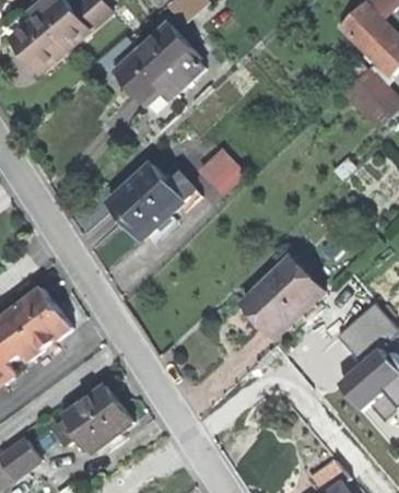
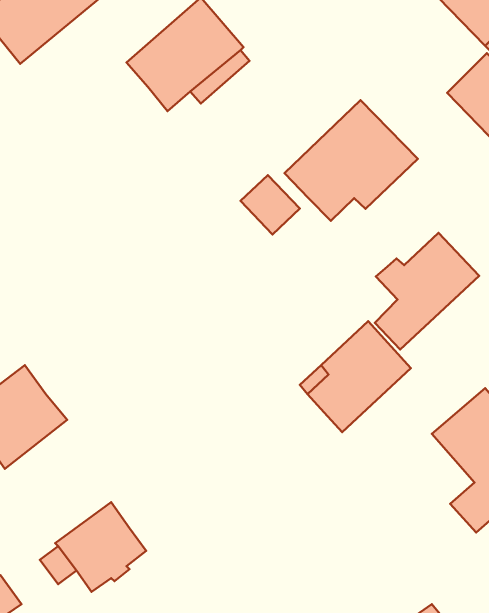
building: none -> [284,100,418,221]
building: [107,164,198,238] -> none
building: none -> [375,233,479,349]

